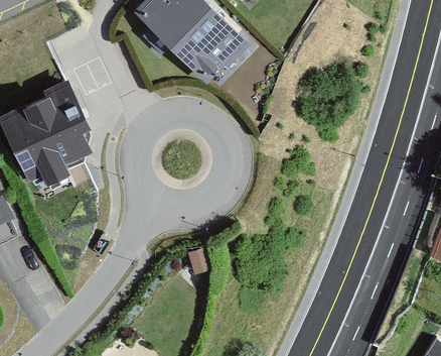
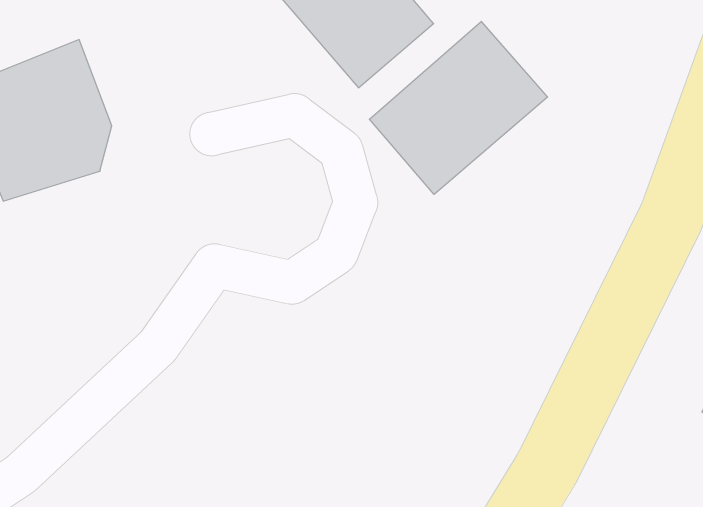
building: none -> [369,21,548,194]

